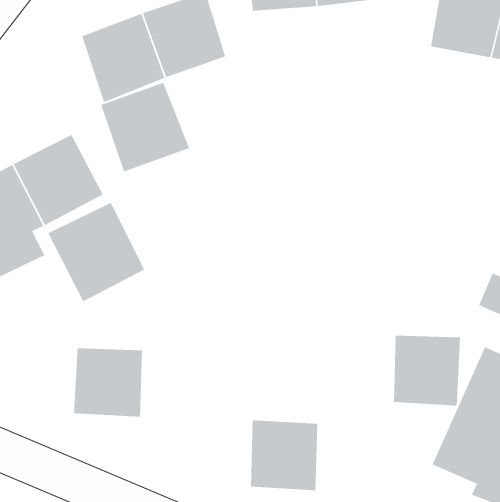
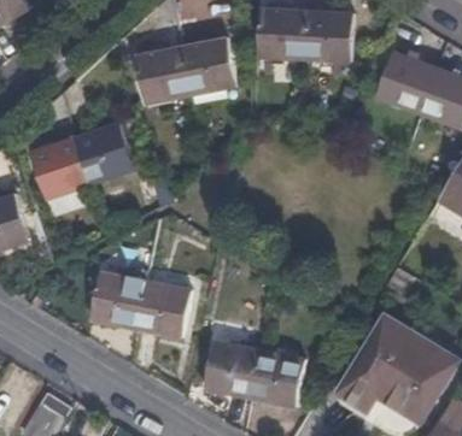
building: [100,82,190,173] -> none
building: [47,202,145,303] -> none
building: [393,335,461,407] -> [250,350,304,407]
building: none -> [135,281,189,337]

